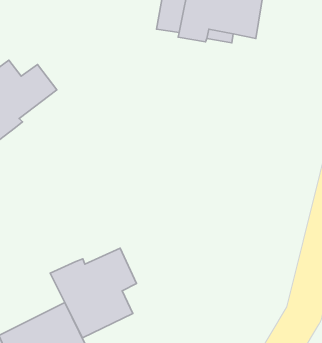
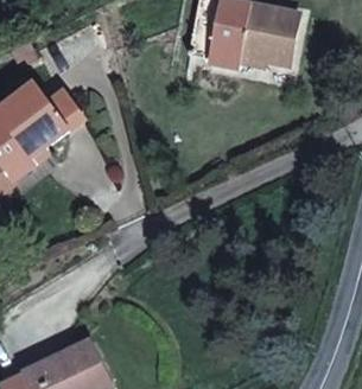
building: [50,248,137,338] -> none

